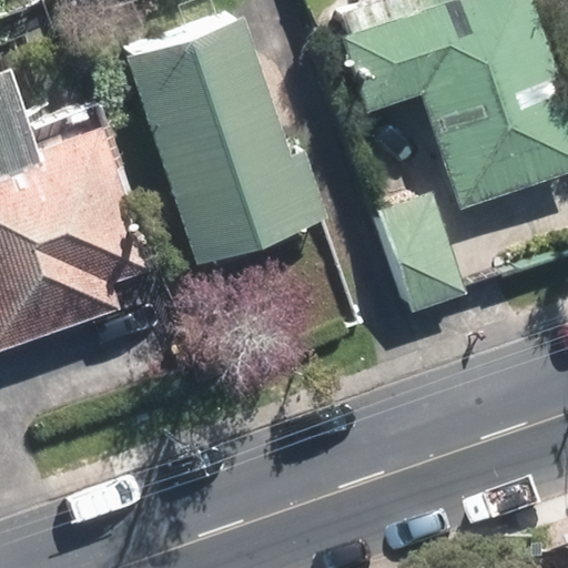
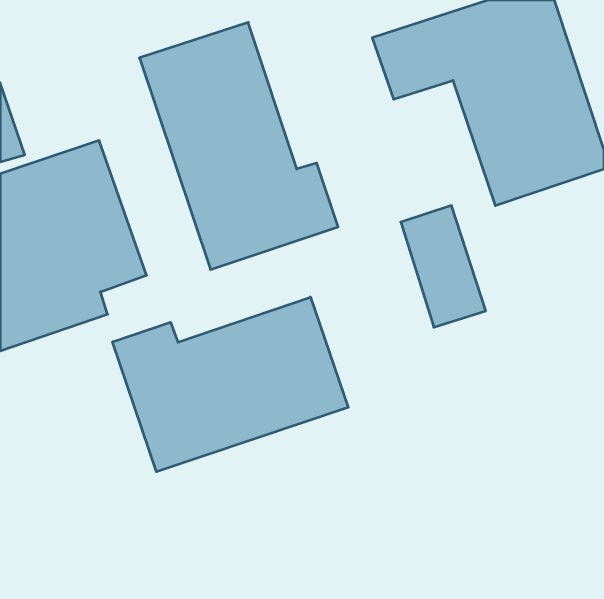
building: none -> [113,297,348,472]

